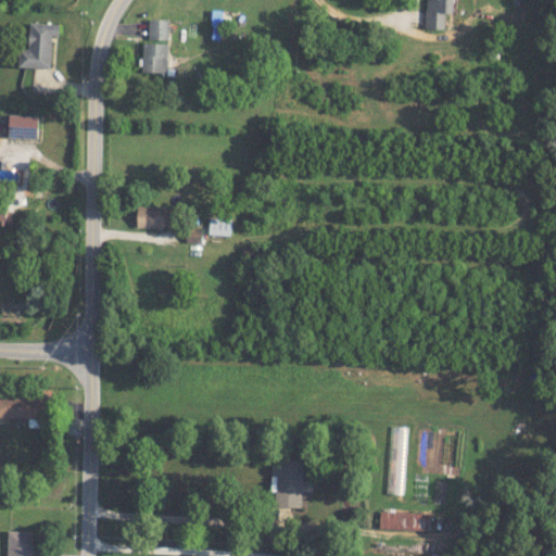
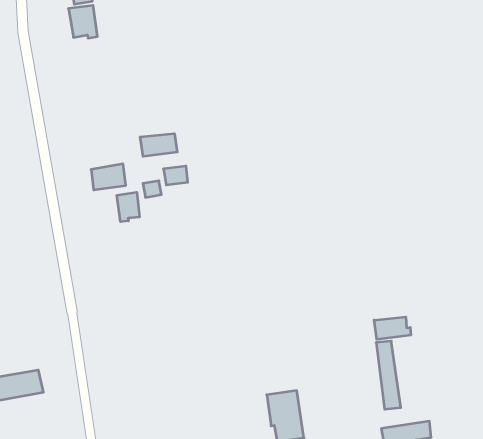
building: none -> [140,134,177,156]
building: none -> [117,192,139,222]
building: none -> [374,317,411,339]

